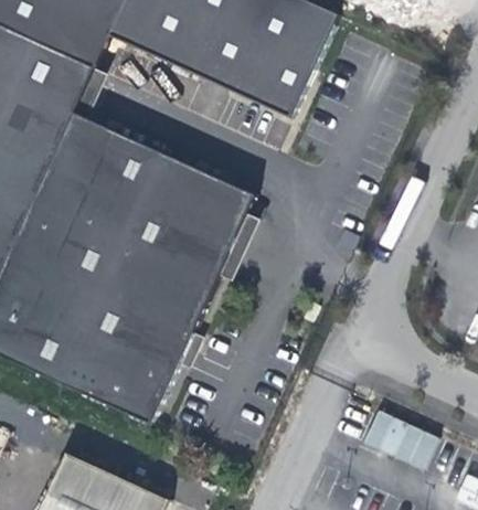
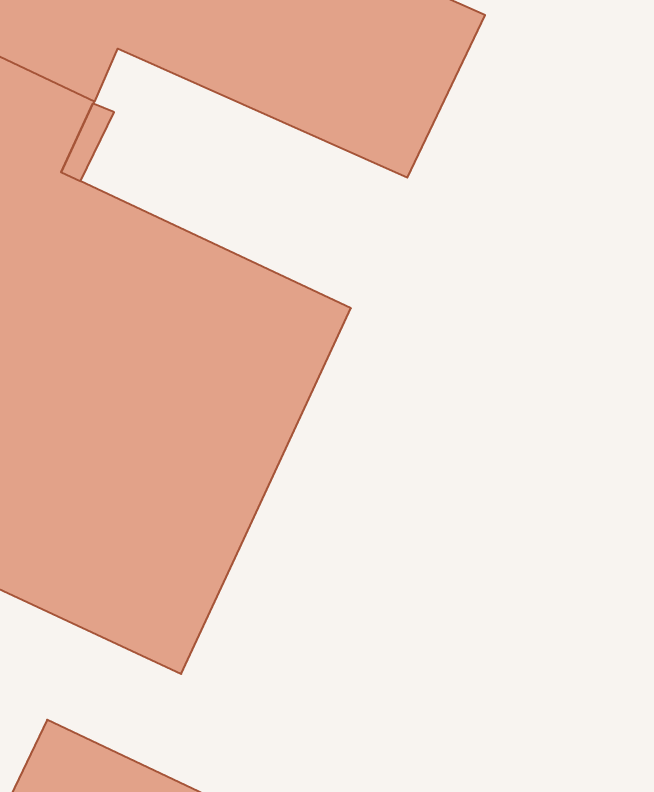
building: [357,406,435,469] -> none

